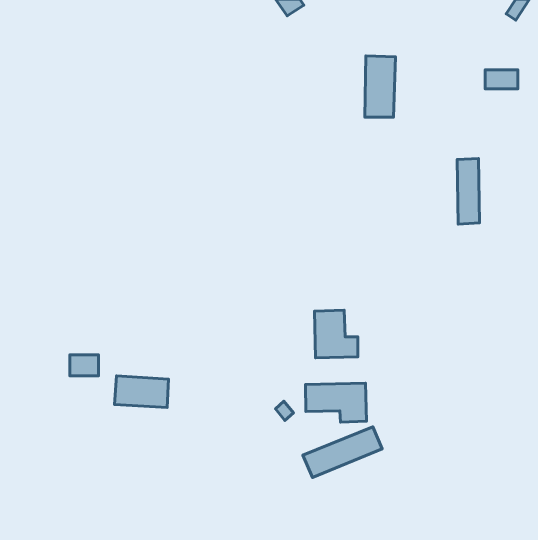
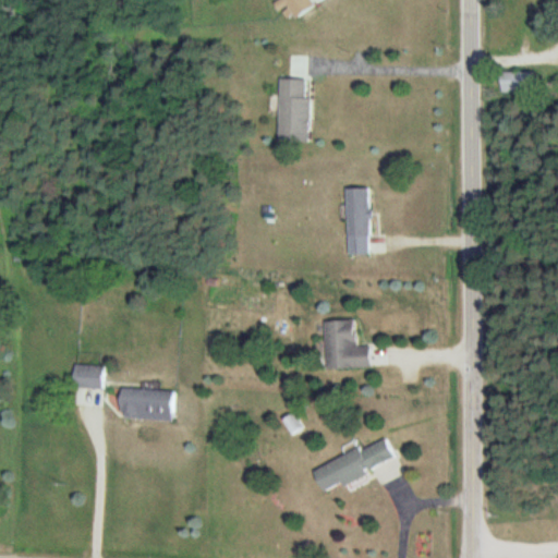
building: [365,56,395,117] -> [277,78,308,142]
building: [457,158,480,224] -> [345,187,368,255]
building: [306,383,366,422] -> none

